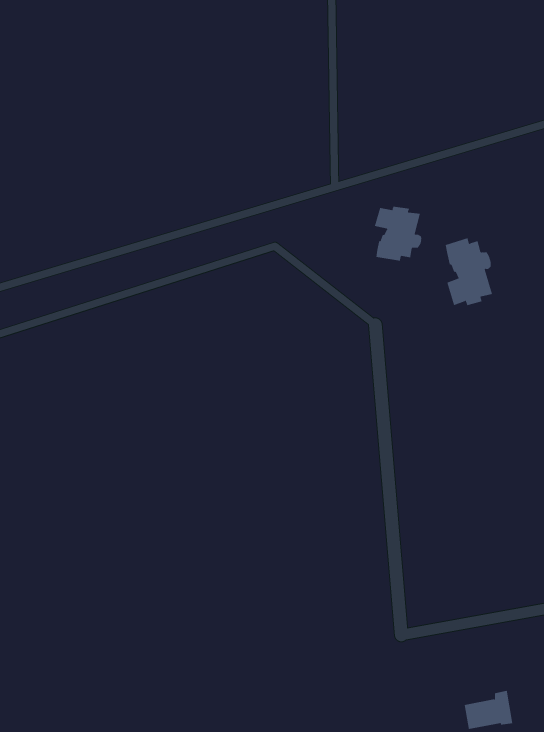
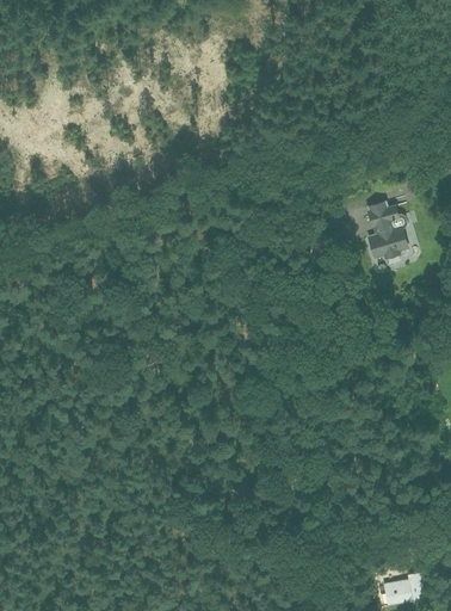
building: [374,206,422,262] -> none

